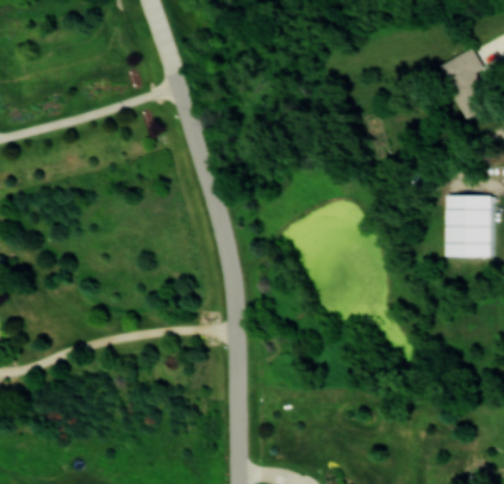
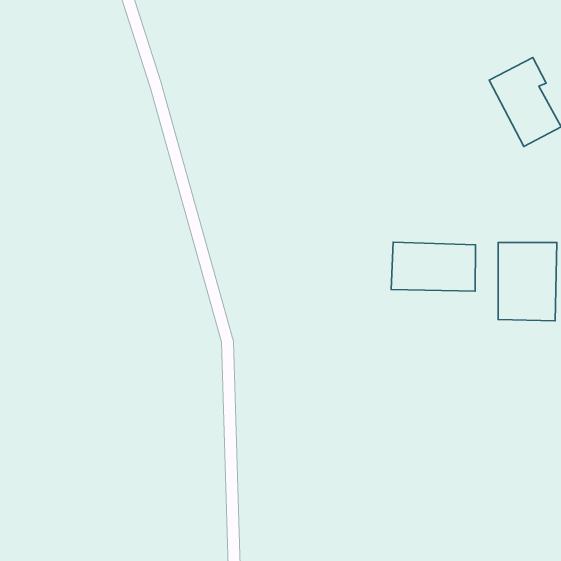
building: none -> [391,242,476,291]

